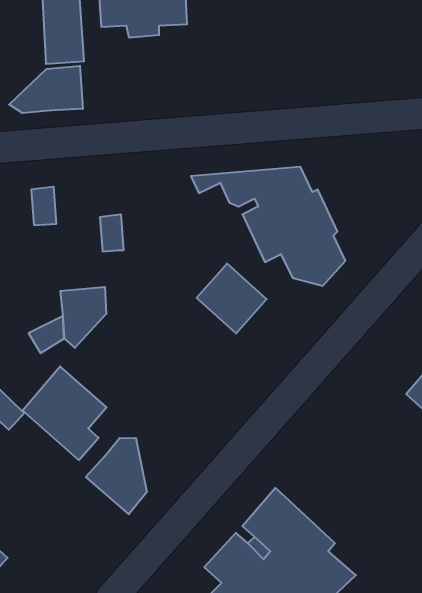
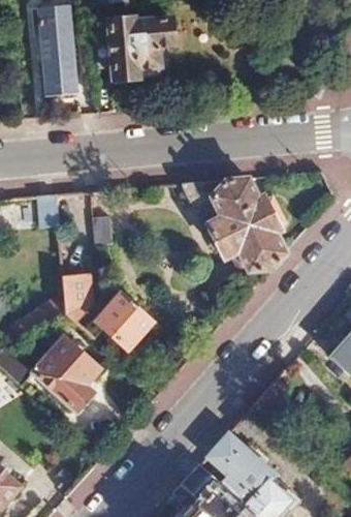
building: [9,66,83,113] -> none
building: [197,263,267,333] -> [100,290,155,344]
building: [86,438,147,514] -> none

